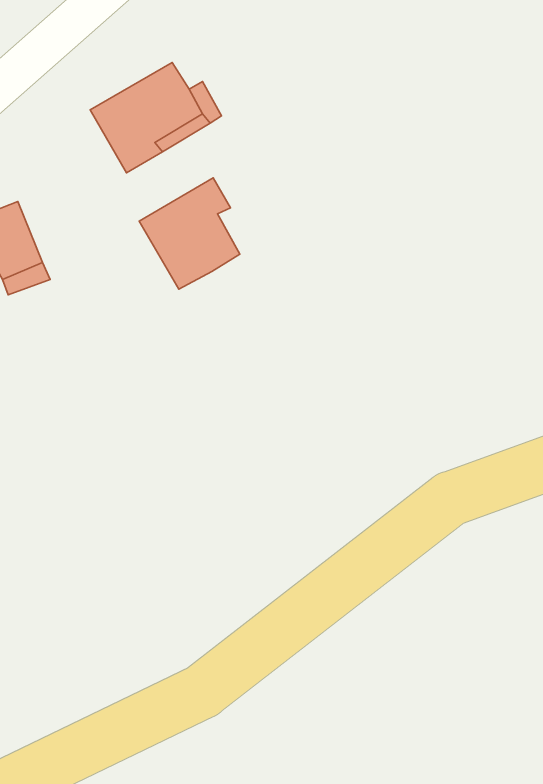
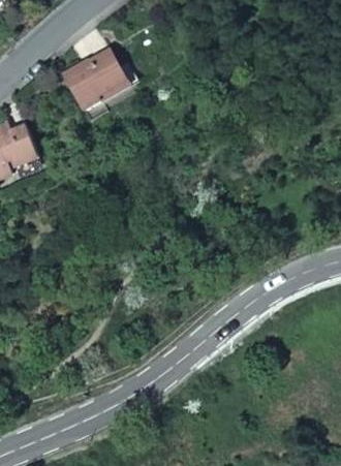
building: [139,178,240,289] -> none

